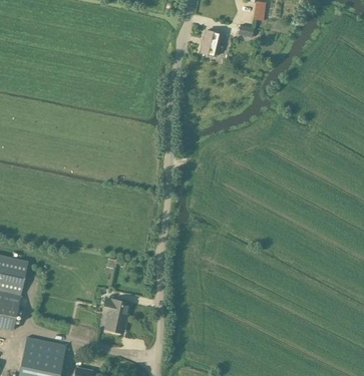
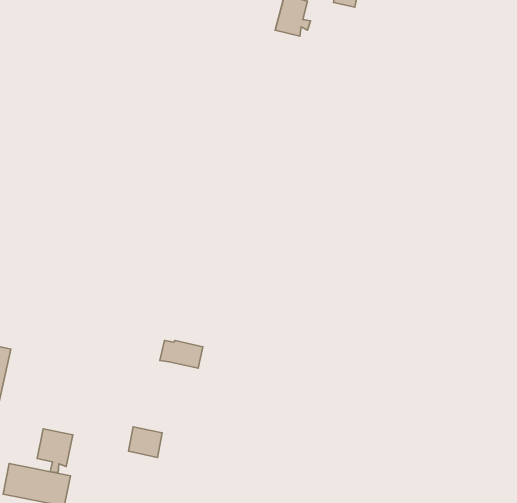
building: [101,299,129,317] -> [160,341,203,368]
building: none -> [37,429,73,472]

